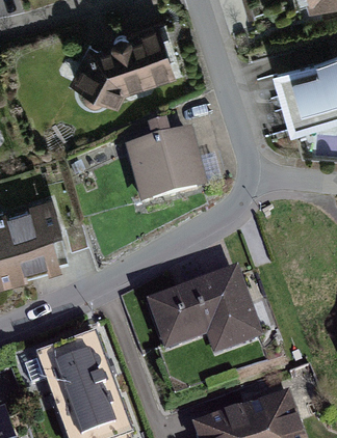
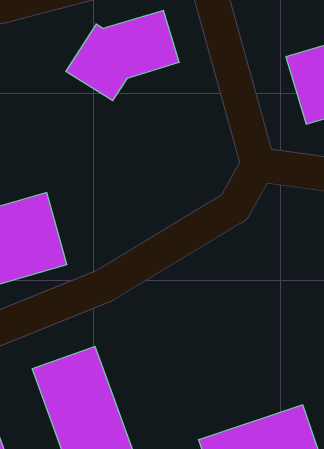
building: [124,128,206,204] -> none
building: [146,269,261,352] -> none

